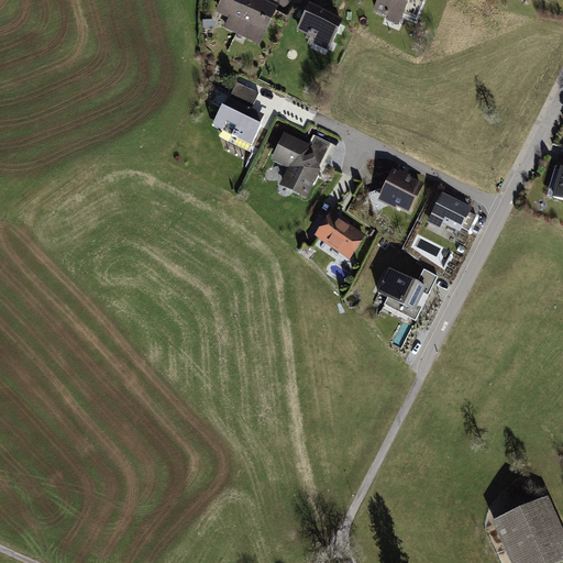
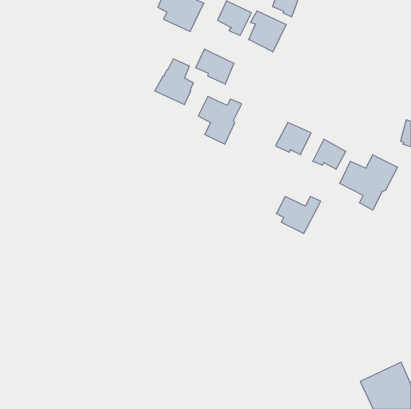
building: none -> [249,11,286,52]
building: none -> [196,49,234,84]
building: [313,210,365,258] -> none
building: none -> [340,155,397,210]

